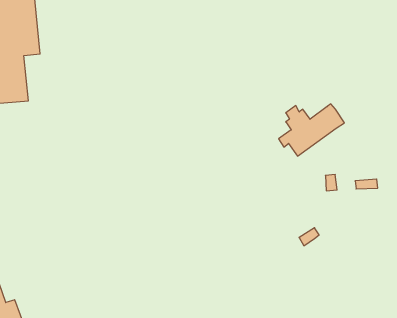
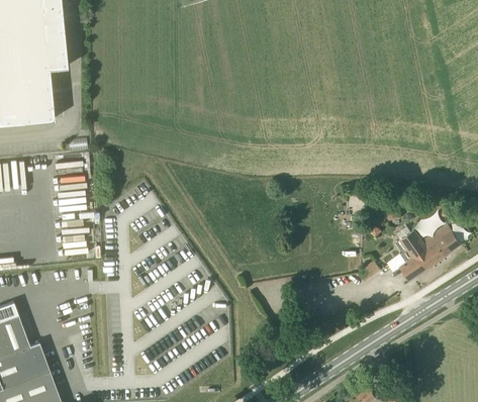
building: [279,104,344,156] -> [387,223,461,282]

